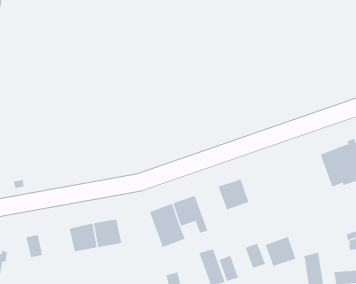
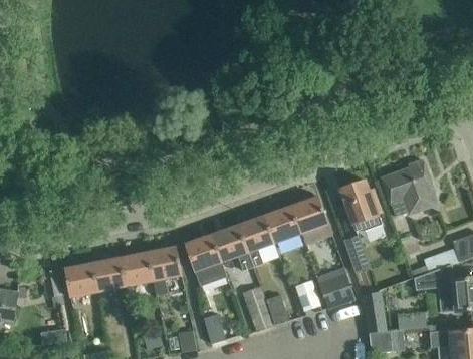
building: none -> [339,181,382,232]
building: none -> [291,197,331,240]
building: none -> [238,216,274,267]
building: none -> [343,235,371,273]
building: none -> [148,247,182,295]
building: none -> [64,264,98,297]

